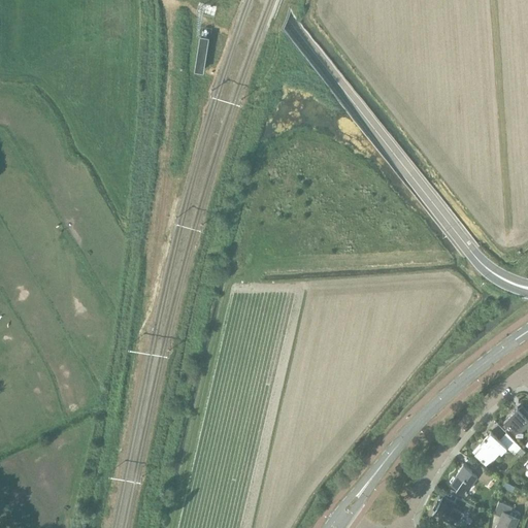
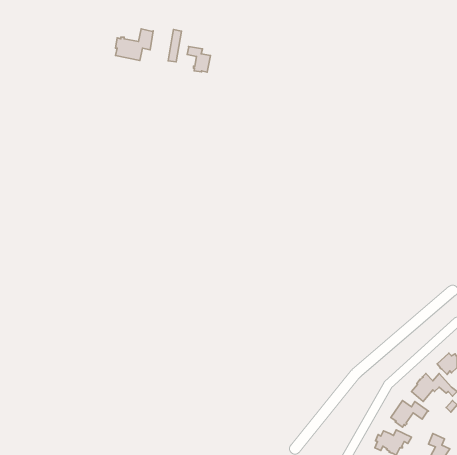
building: none -> [115,29,153,60]
building: none -> [187,46,210,72]

